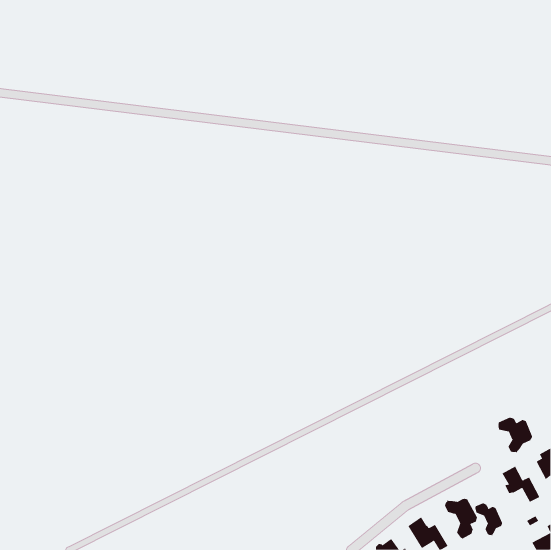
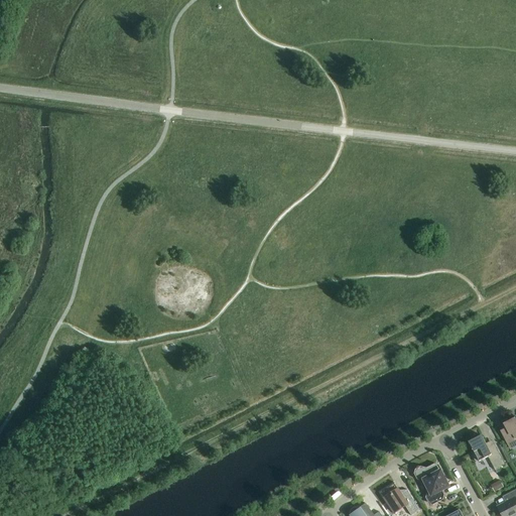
building: [498,417,533,453] -> none
building: [475,502,503,536] -> none

